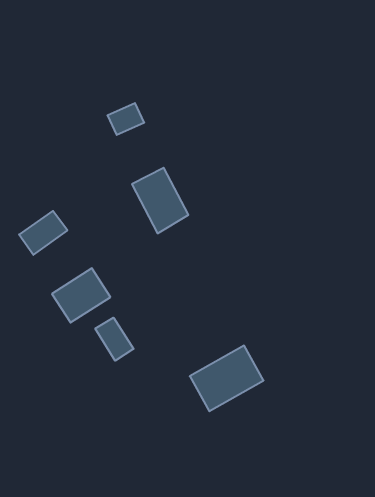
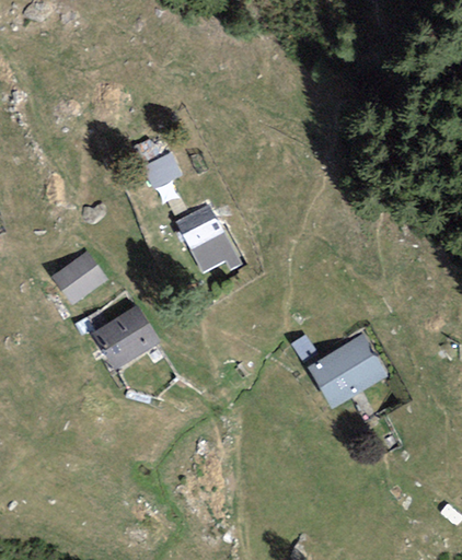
building: [95,318,134,361] -> none
building: [190,346,264,411] -> [316,324,395,394]

